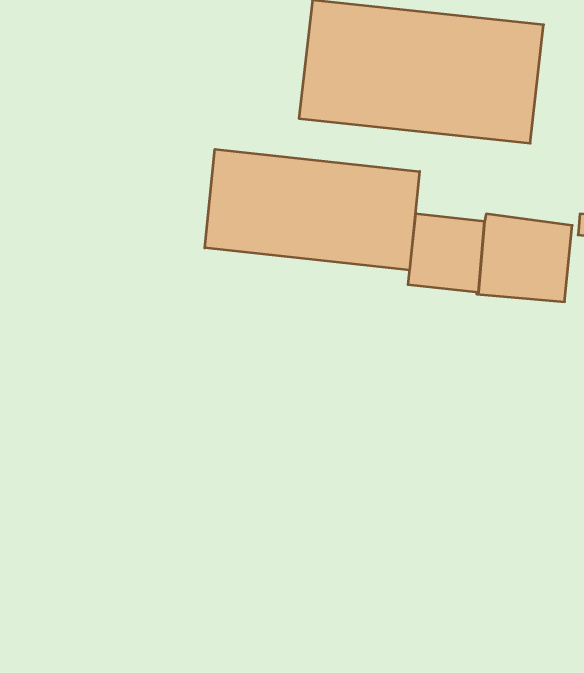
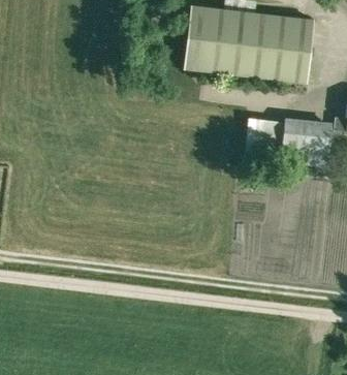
building: [205,149,420,270] -> none

